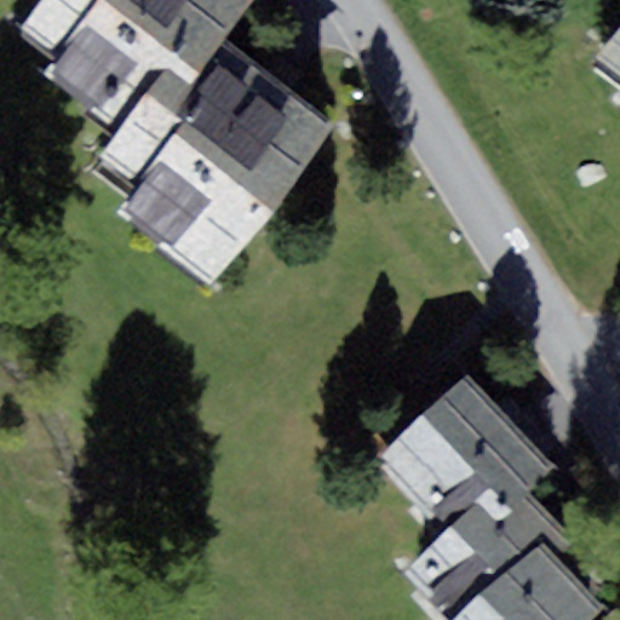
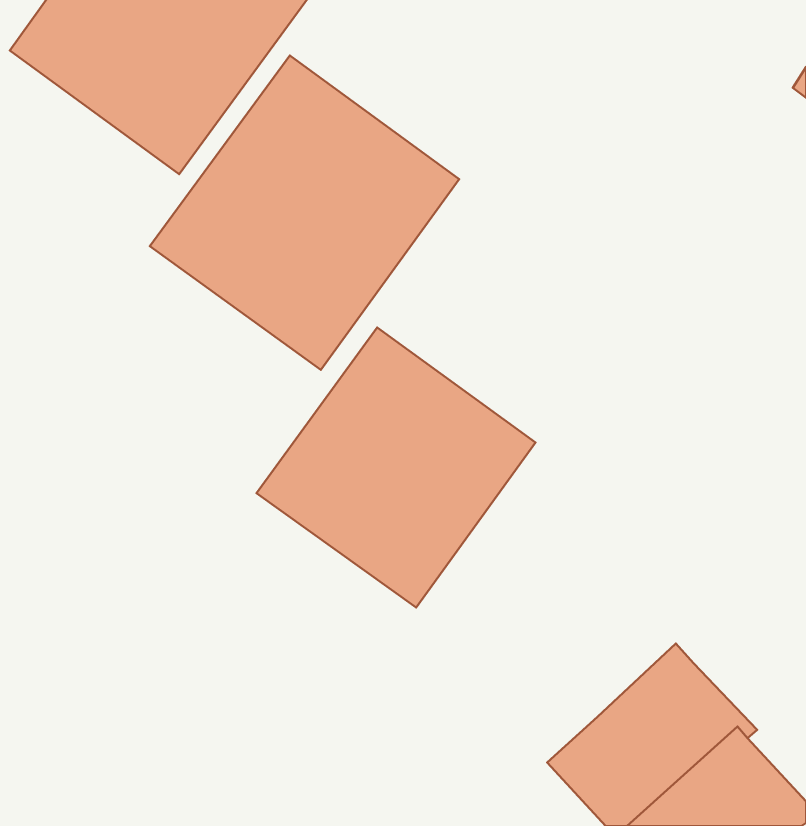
building: none -> [257,328,535,608]
building: [378,379,547,533] -> none

